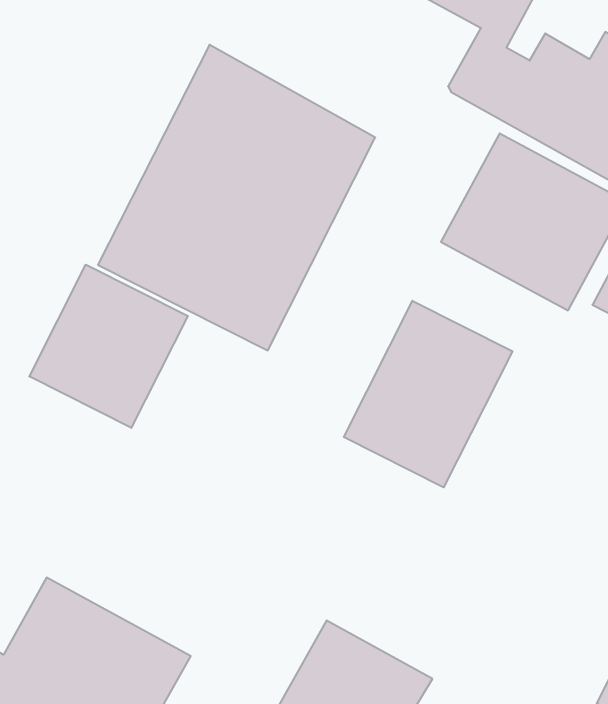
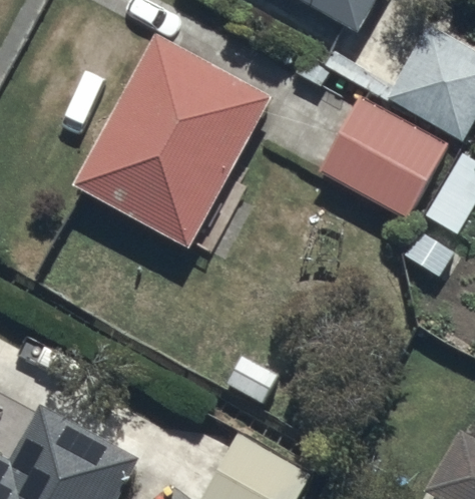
building: [29,265,188,428] -> none
building: [344,301,512,487] -> none

